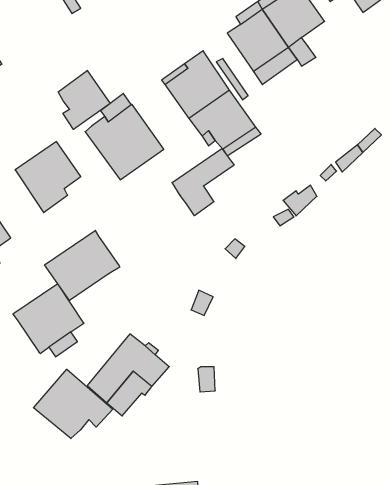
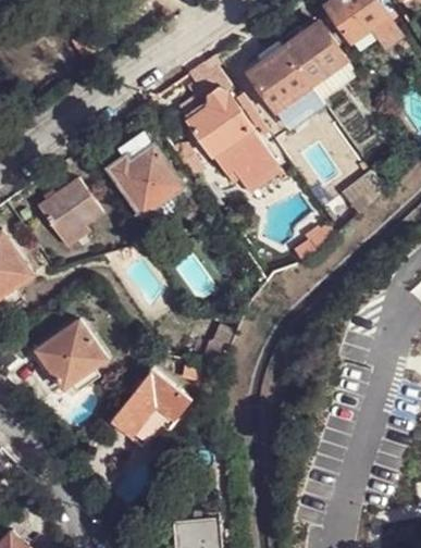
building: [58,70,110,129] -> none
building: [172,148,234,216] -> none
building: [45,230,120,301] -> none
building: [33,369,113,439] -> none

